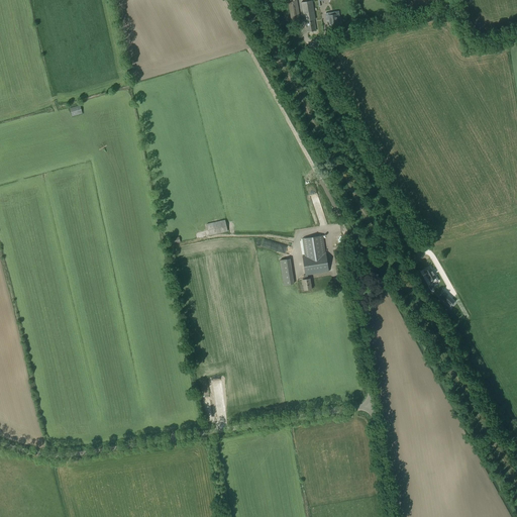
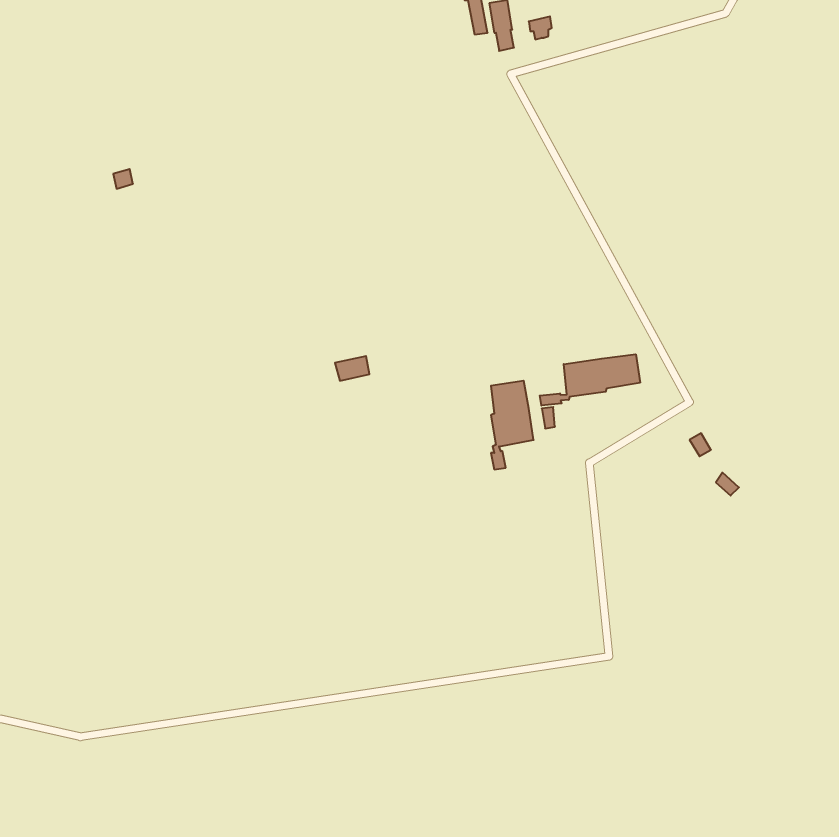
building: none -> [540,354,640,406]

